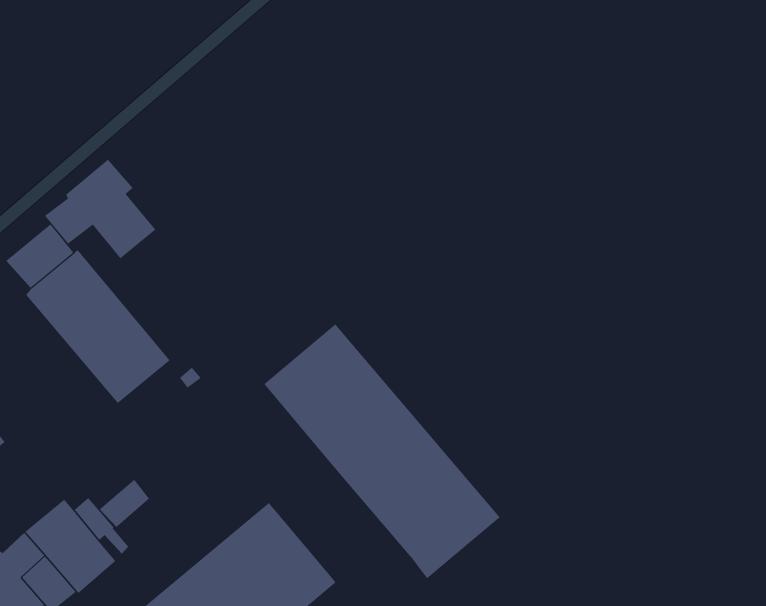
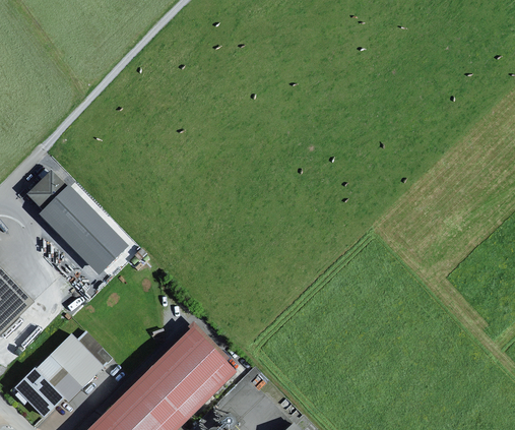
building: [44,159,156,259] -> none
building: [264,324,500,579] -> none
building: [99,479,150,528] -> none

